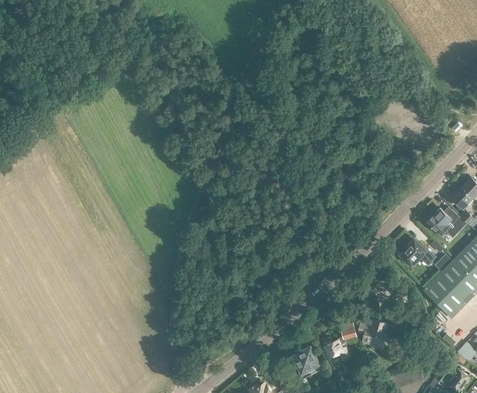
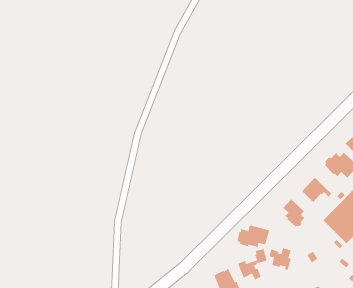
building: none -> [282,199,305,228]
building: none -> [237,224,270,248]

